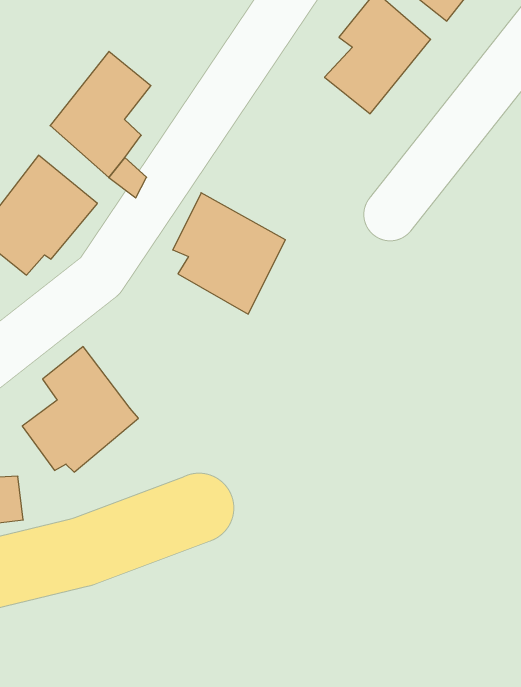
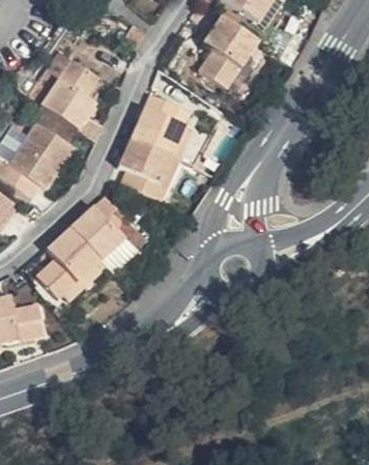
building: none -> [140,94,203,157]
building: none -> [80,198,134,262]

